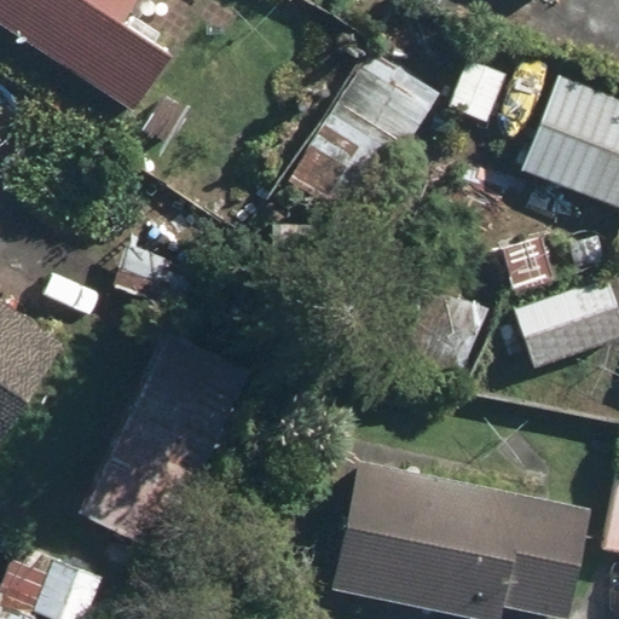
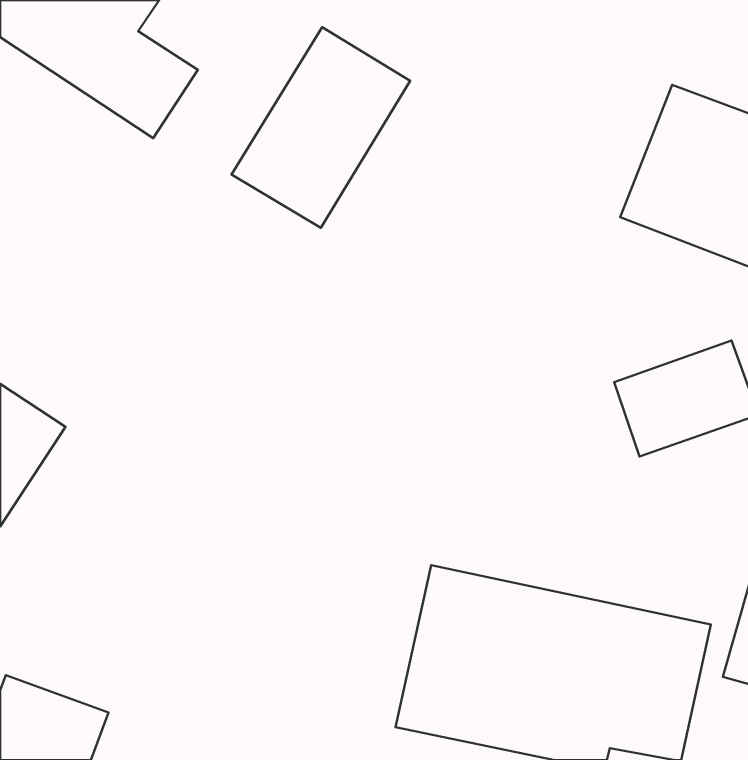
building: [296,50,441,213] -> [232,27,410,228]
building: [89,334,251,543] -> none

